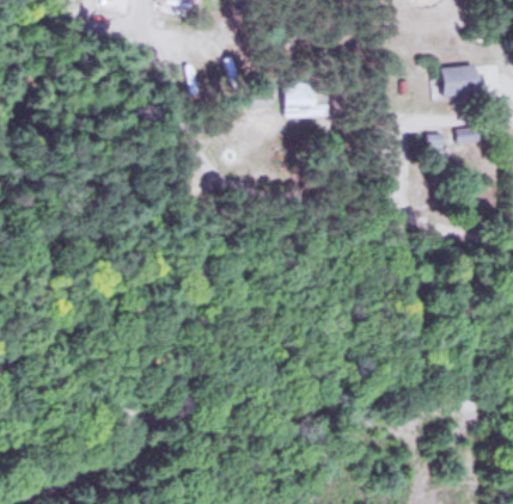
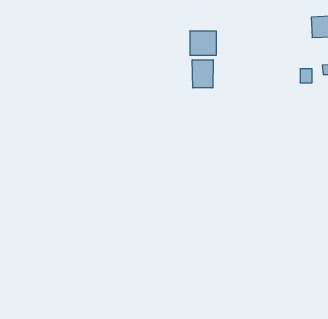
building: none -> [192,60,213,88]

